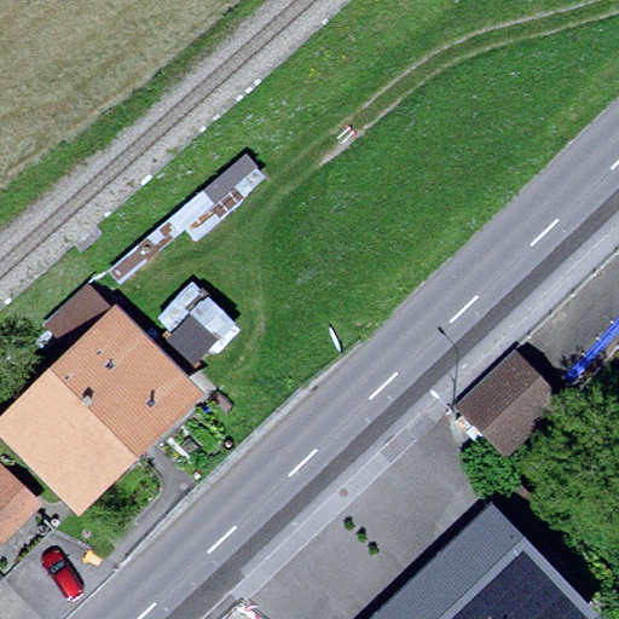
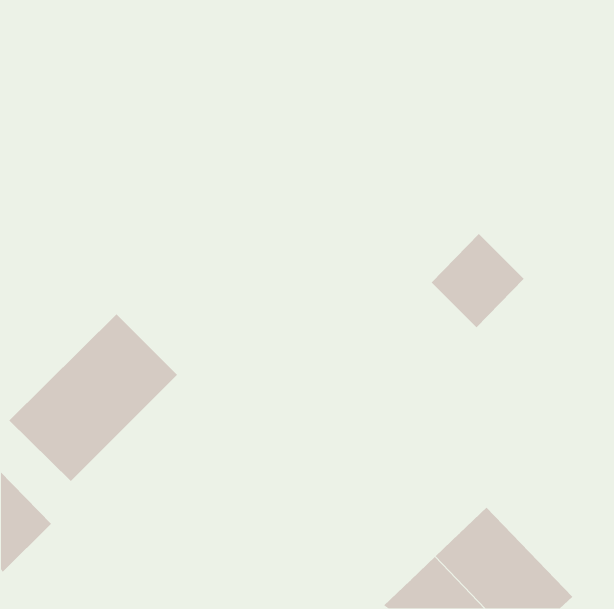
building: [458,355,553,451] -> [431,233,524,328]

